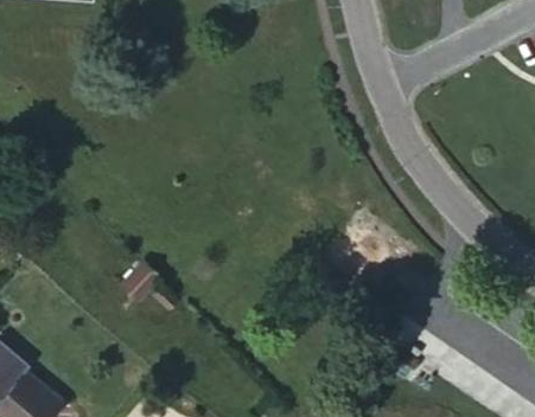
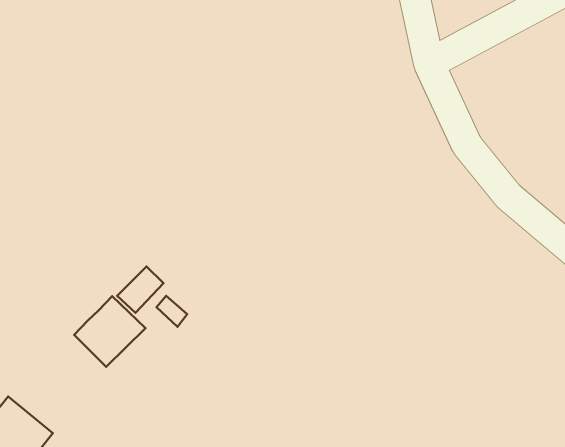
building: none -> [74,296,146,367]

